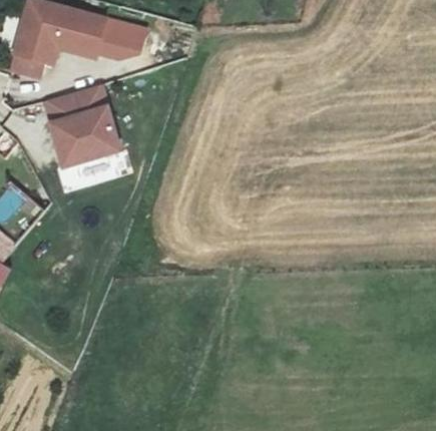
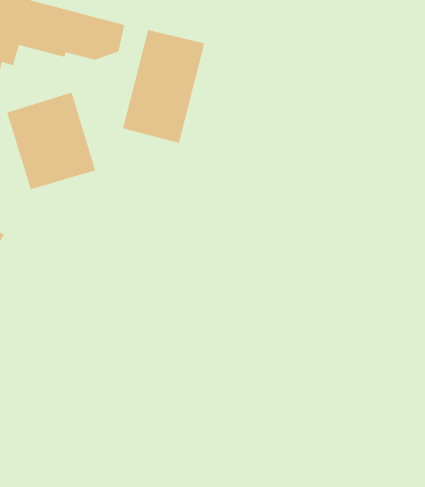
building: none -> [122,29,205,144]

